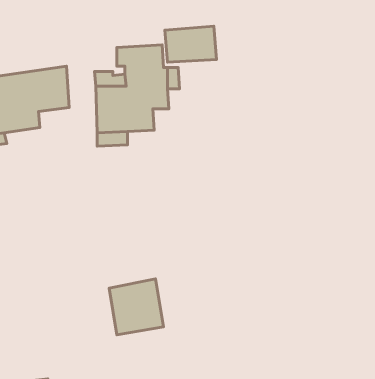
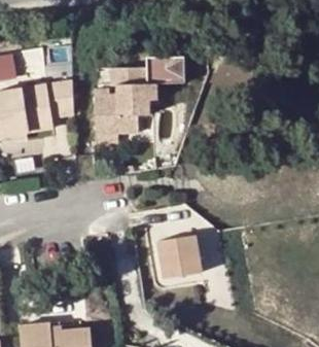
building: [109,279,163,335] -> [156,237,199,280]

